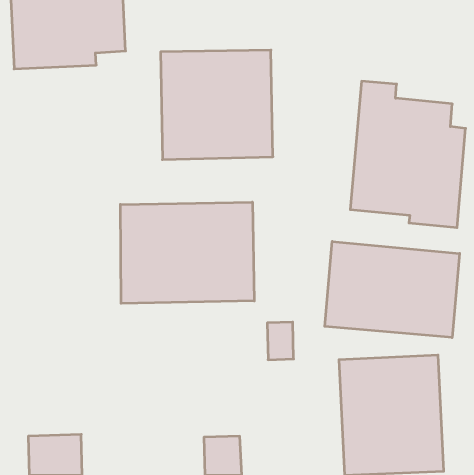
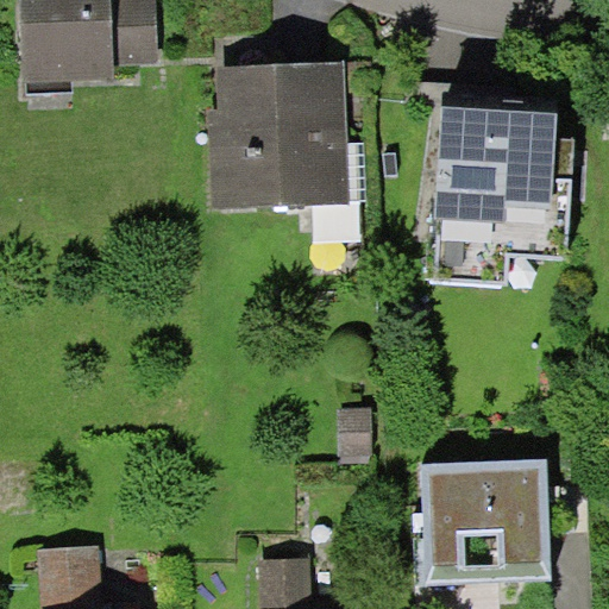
building: [120,202,254,303] -> none
building: [325,241,460,338] -> none

